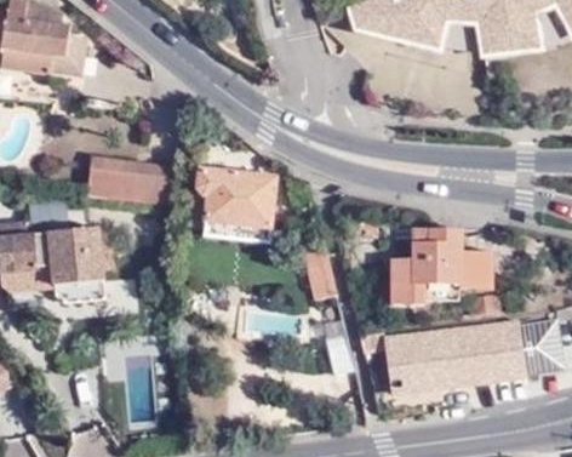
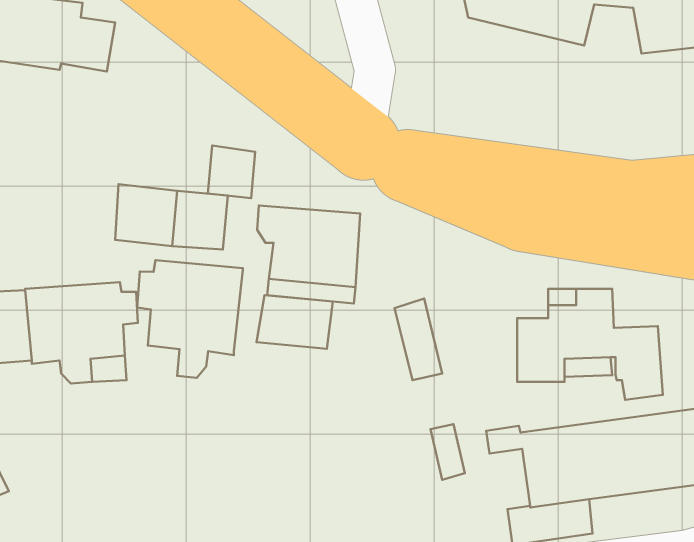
building: none -> [208,146,255,198]
building: none -> [137,260,243,378]
building: none -> [257,295,333,349]

